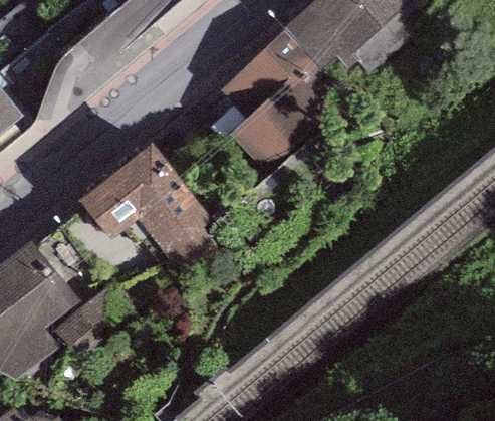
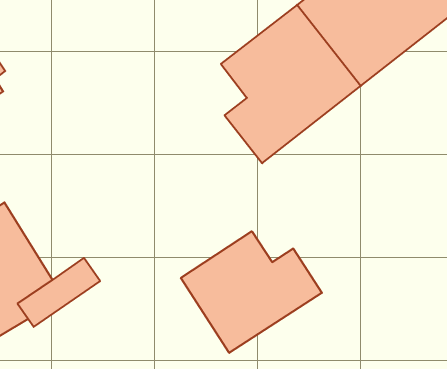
building: [73,141,223,273] -> none
building: none -> [181,231,322,353]

